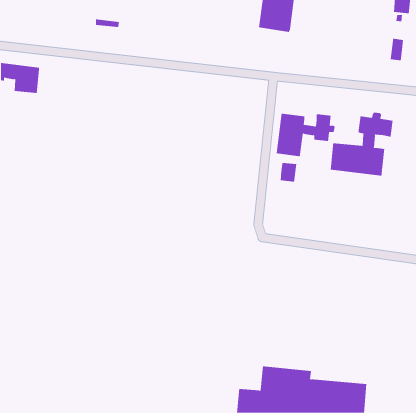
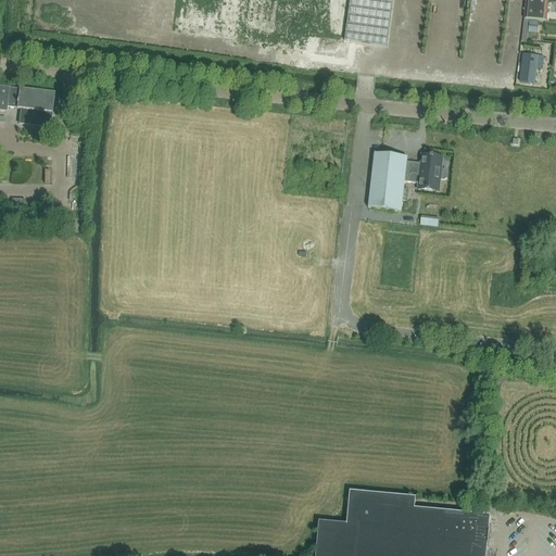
building: [330,112,393,176] -> none
building: [280,162,297,182] -> none

